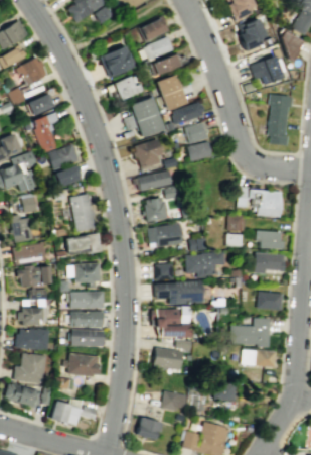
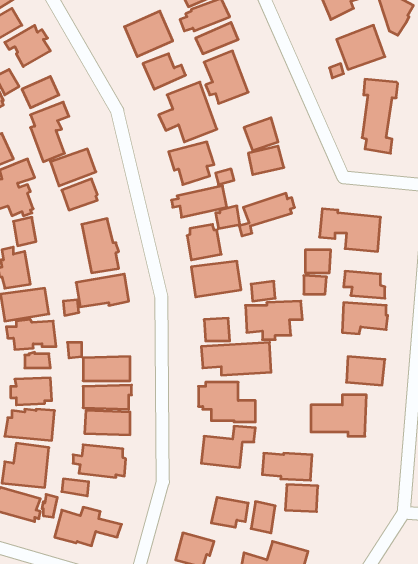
building: [166,101,205,131] -> [239,193,295,236]
building: [67,262,101,288] -> none
building: [242,349,277,368] -> [262,453,312,480]

